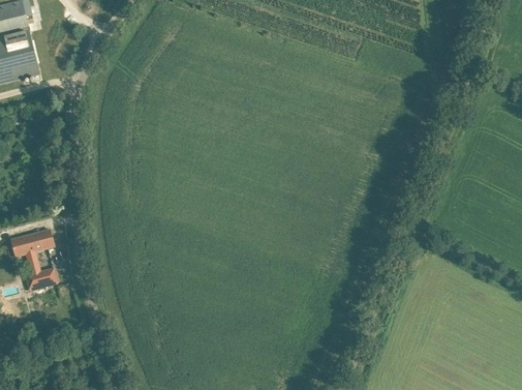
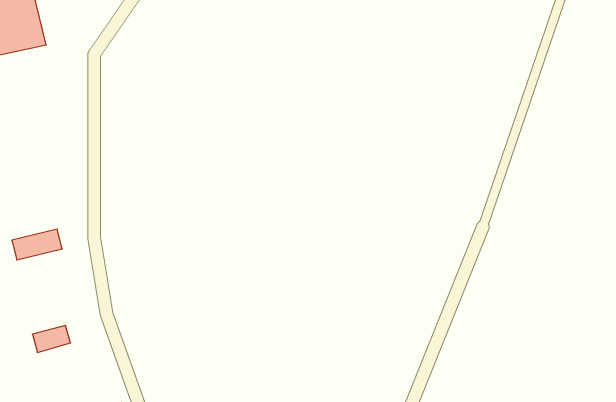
building: [24,267,56,290] -> [32,326,71,353]

